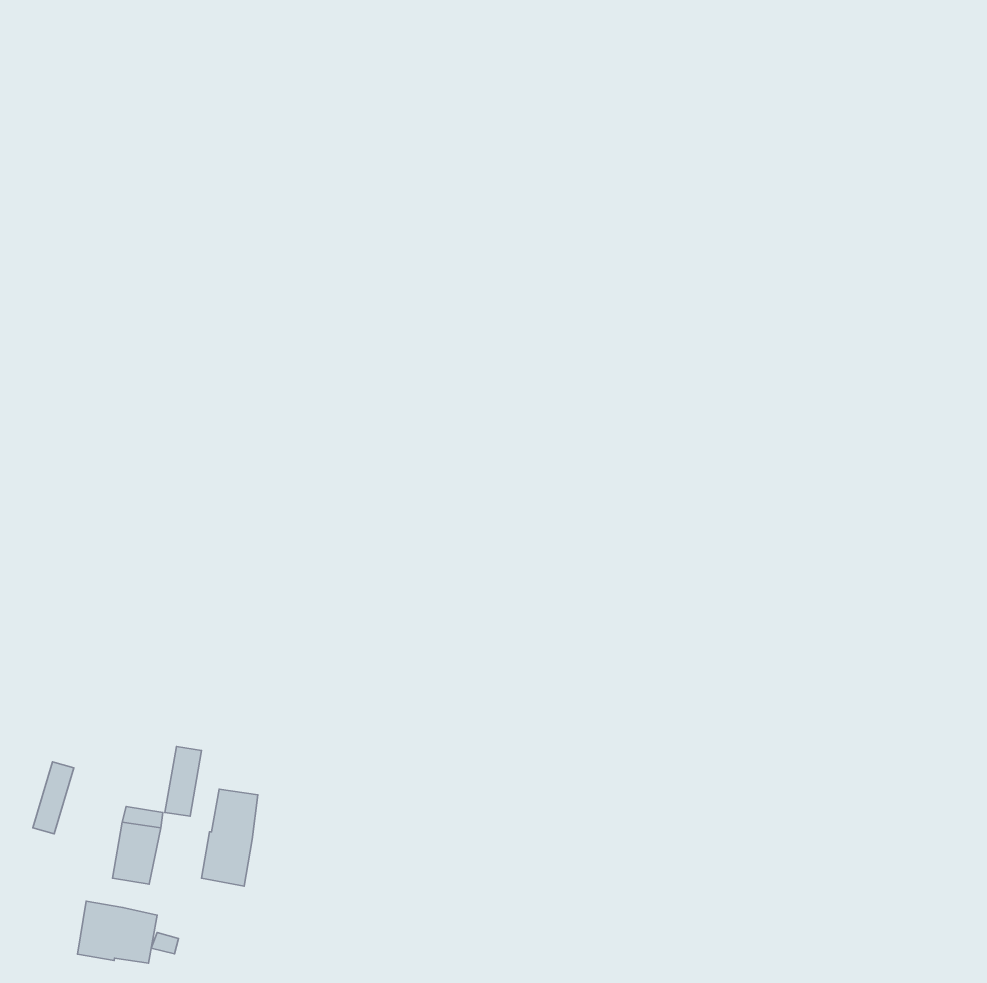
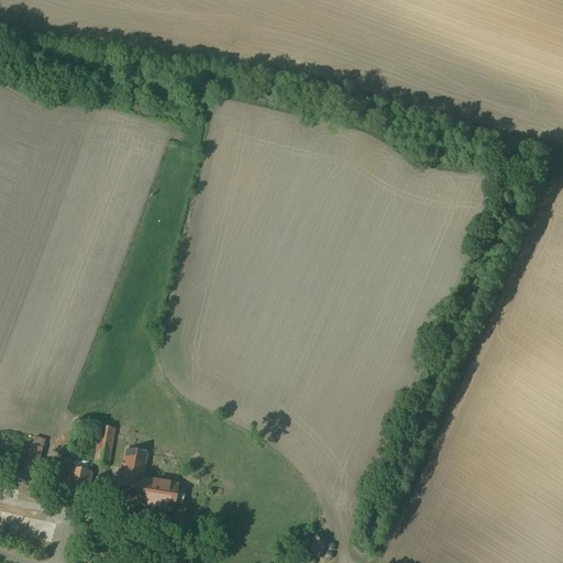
building: none -> [141,476,179,508]
building: [77,901,157,963] -> none

